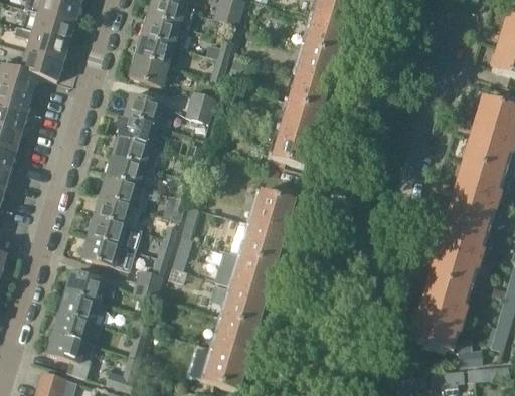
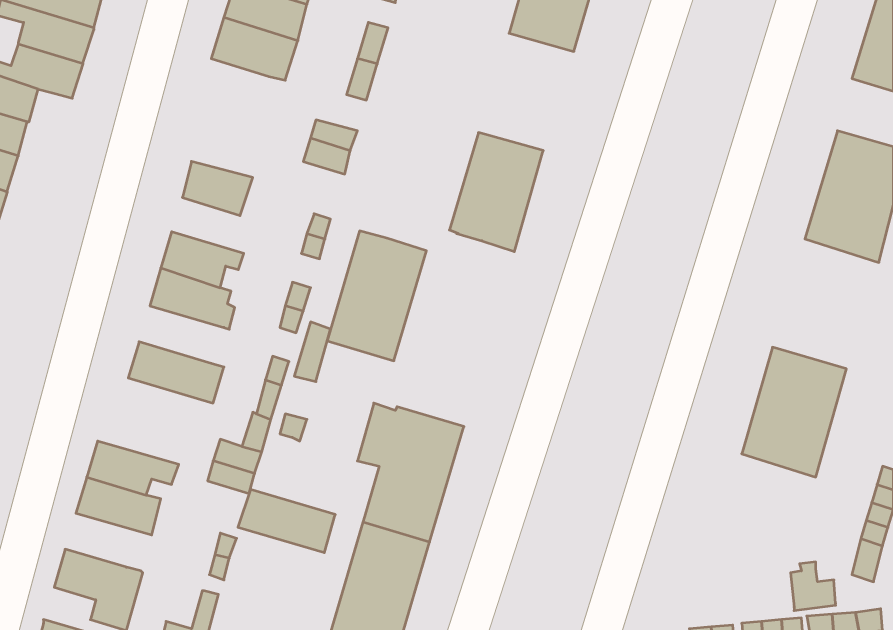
building: [283,43,336,109] -> none
building: [129,57,166,85] -> none
building: [123,93,170,127] -> none
building: [112,135,158,166] -> none
building: [447,158,506,230] -> none
building: [237,190,293,262] -> [327,231,426,361]
building: [94,195,141,227] -> none
building: [80,235,135,270] -> [238,489,335,553]
building: [411,277,471,350] -> none
building: [52,311,101,341] -> none

